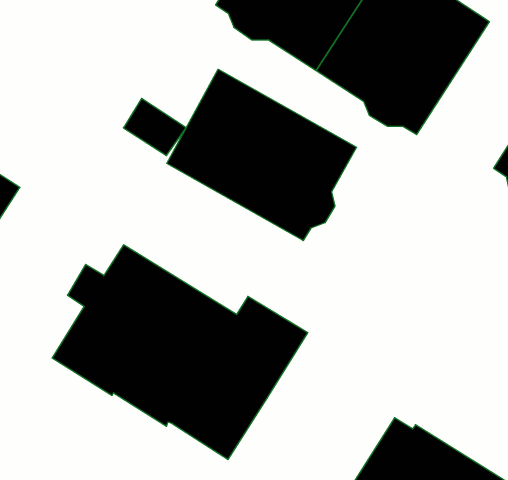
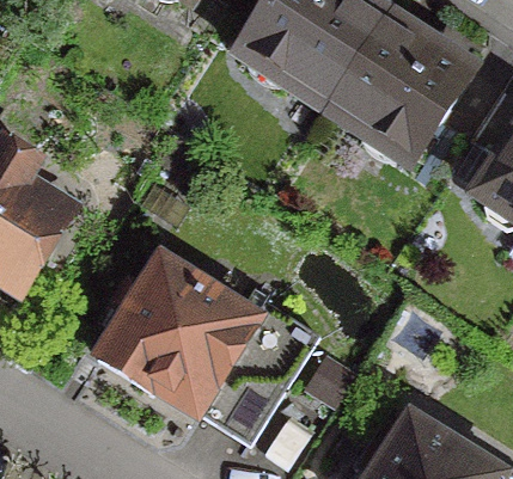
building: [167,69,357,241] -> none

